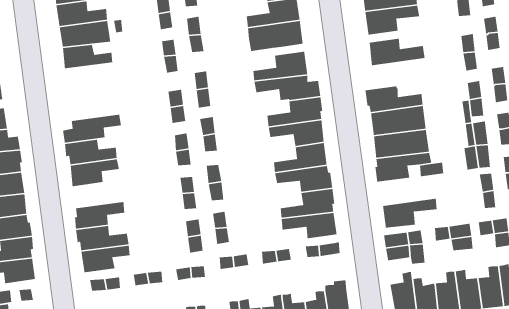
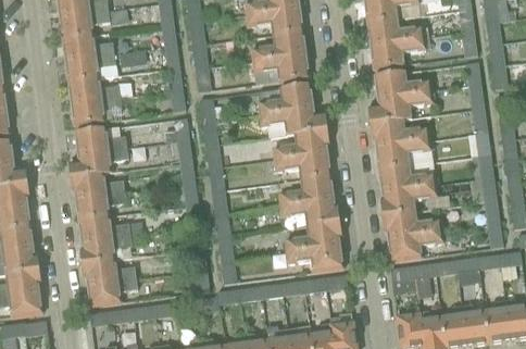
building: none -> [367,91,431,123]
building: none -> [70,96,121,125]
building: none -> [74,127,125,153]
building: none -> [381,211,441,238]
building: none -> [77,215,129,240]

